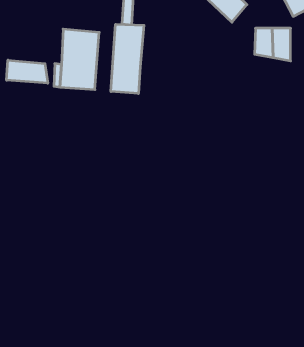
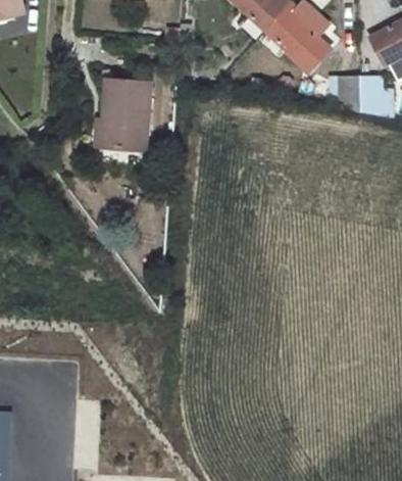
building: [111,24,144,94] -> none
building: [7,60,48,83] -> none

